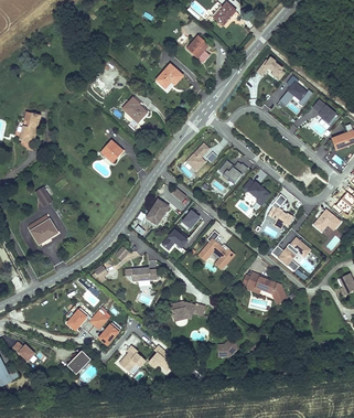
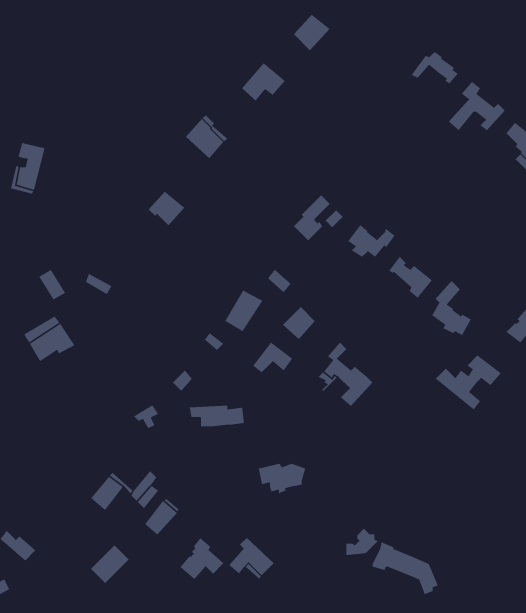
building: [246,271,286,303] -> [372,541,439,595]

